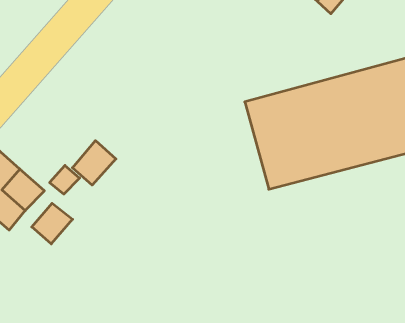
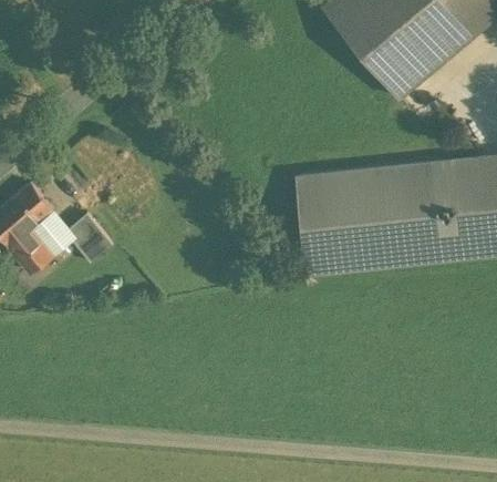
building: [72,141,116,185] -> none
building: [32,203,73,244] -> none

